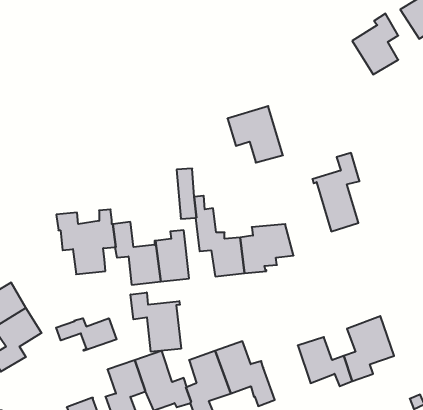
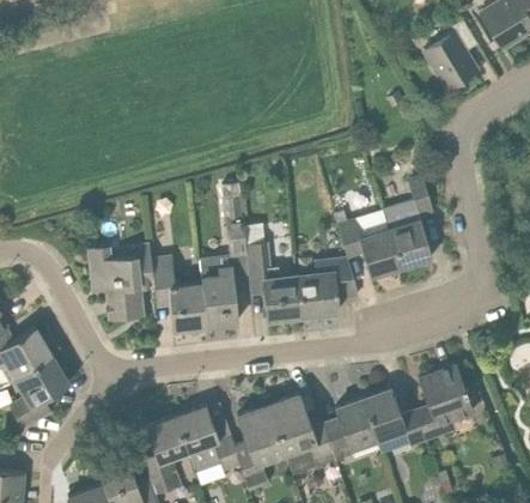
building: [227,106,283,163] -> [337,212,401,277]
building: [131,292,181,352] -> none
building: [56,318,117,351] -> none
building: none -> [323,399,377,462]

